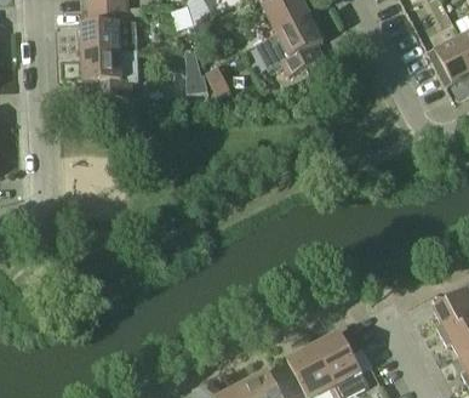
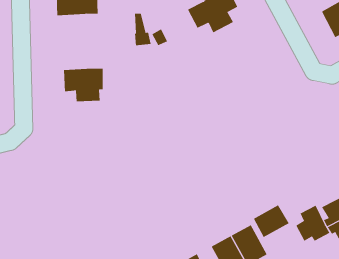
building: [81,49,137,93] -> [63,68,105,102]
building: none -> [253,204,290,238]
building: none -> [296,205,330,242]

